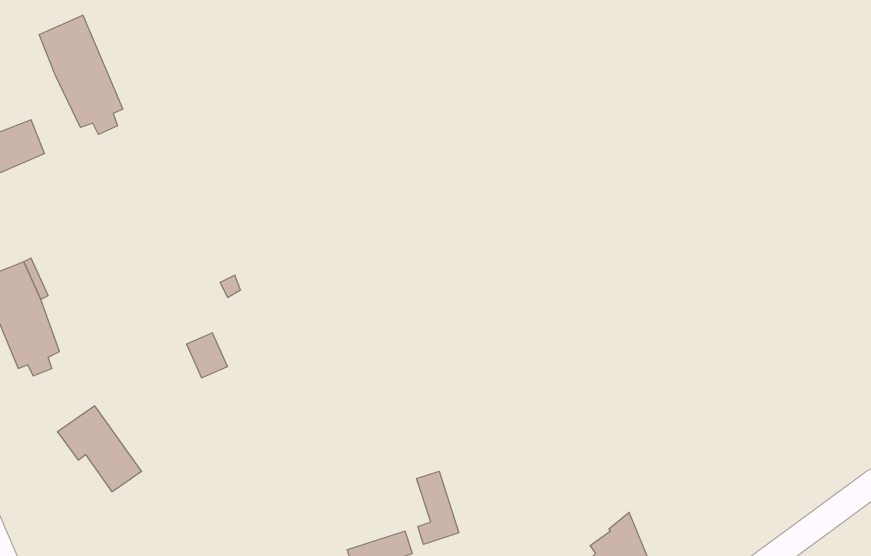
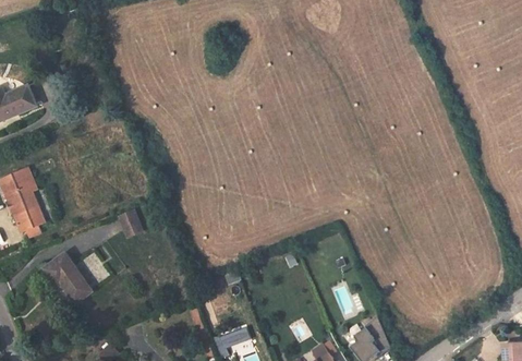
building: [39,15,123,134] -> none
building: [417,471,459,544] -> none

